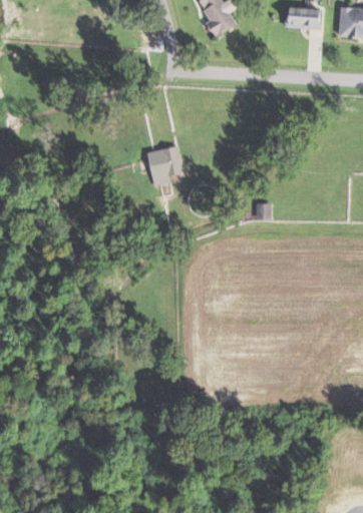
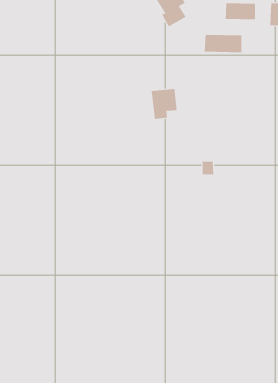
building: none -> [204,34,242,53]
building: [148,145,182,183] -> [151,88,178,119]

